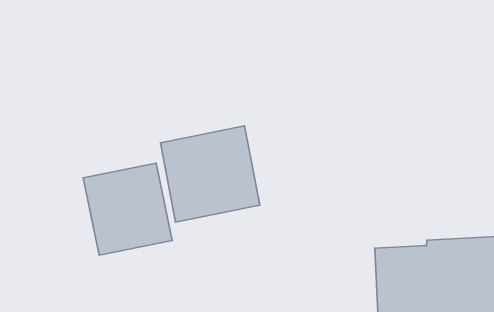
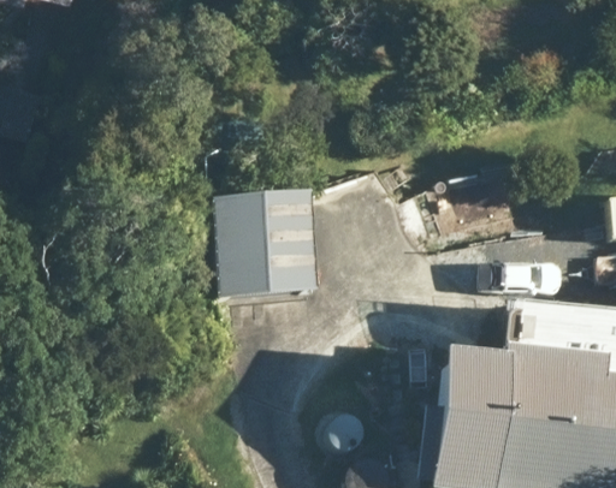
building: [83,163,172,255] -> none

